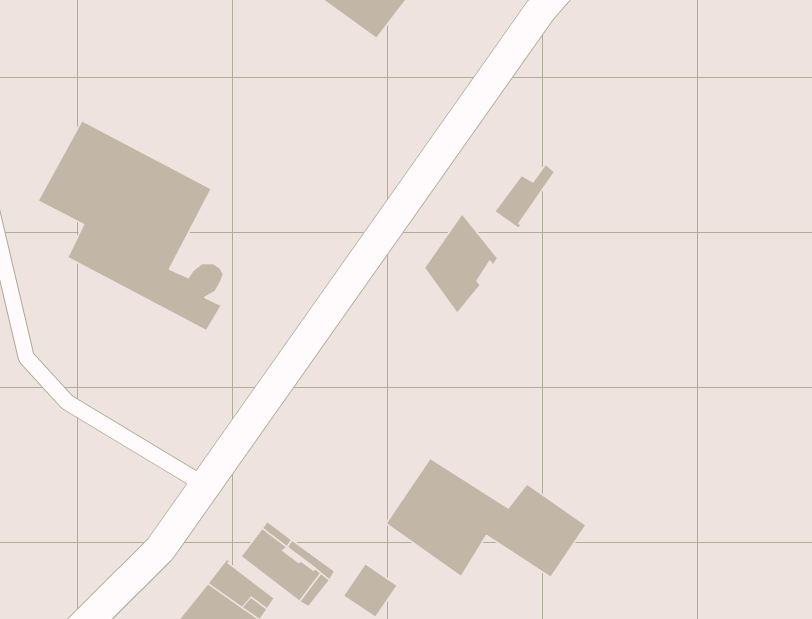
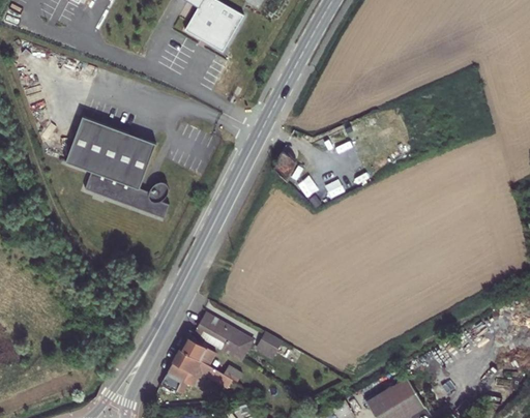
building: [494,164,555,228] -> none
building: [386,458,586,577] -> none

